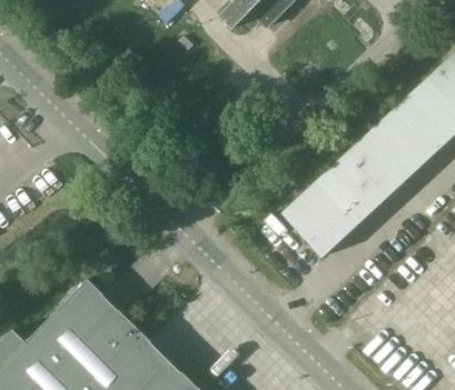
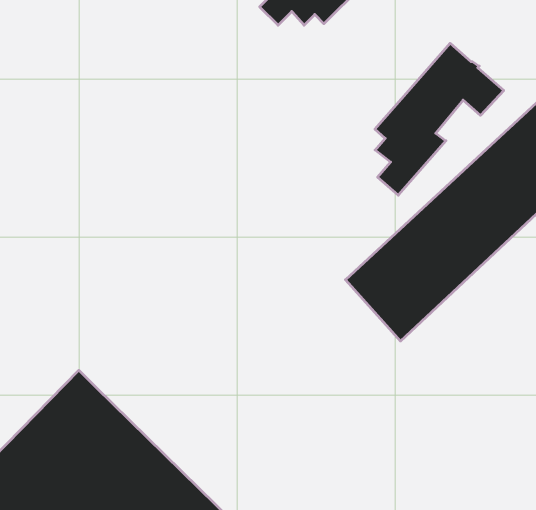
building: none -> [375,43,504,195]

